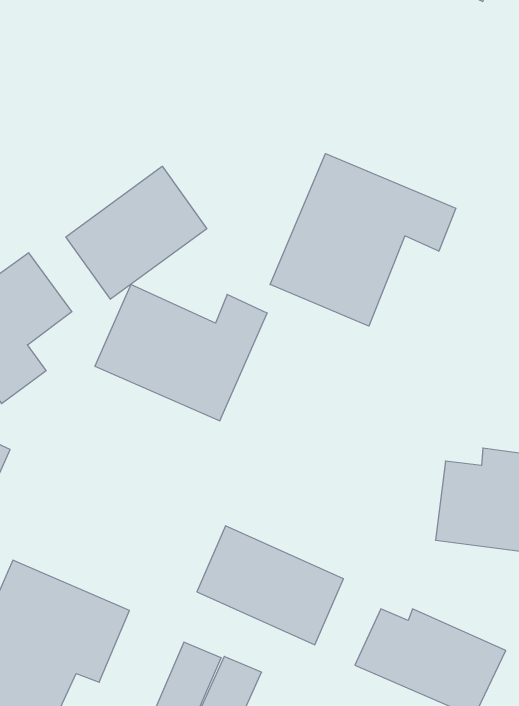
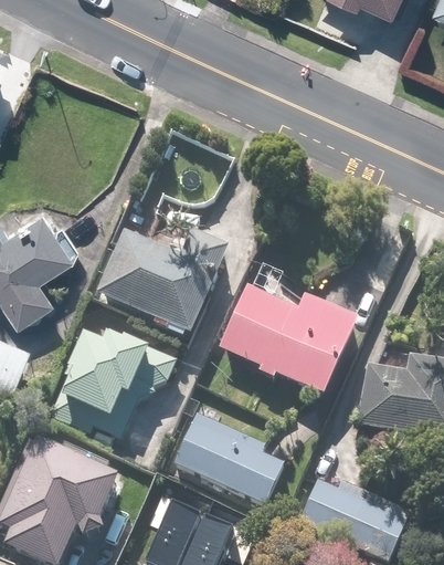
building: [270,154,456,326] -> none
building: [66,166,207,299] -> none
building: none -> [221,283,362,395]
building: none -> [51,334,177,448]

